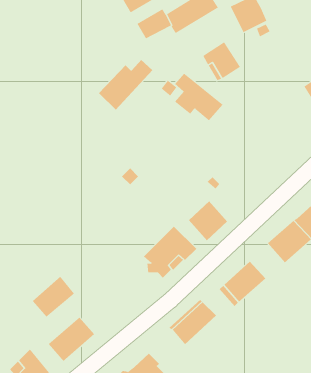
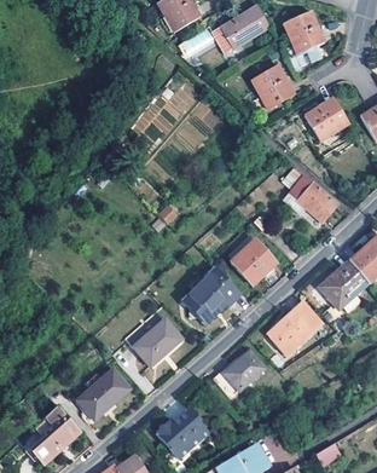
building: none -> [303,96,347,138]
building: [174,73,223,121] -> [285,167,340,220]
building: [32,276,75,318] -> [135,318,182,364]

